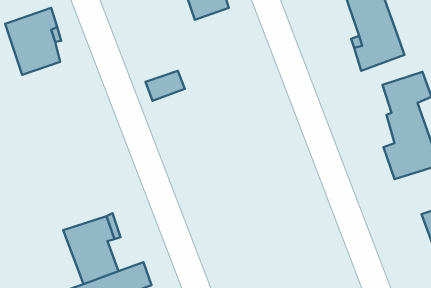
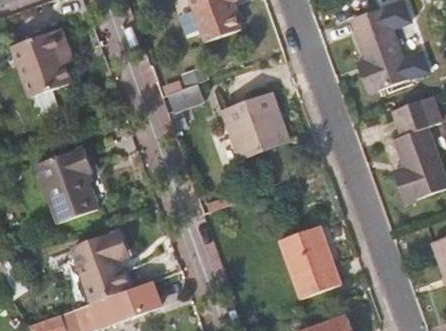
building: none -> [221,90,286,156]
building: none -> [37,148,97,224]
building: none -> [280,225,340,298]

